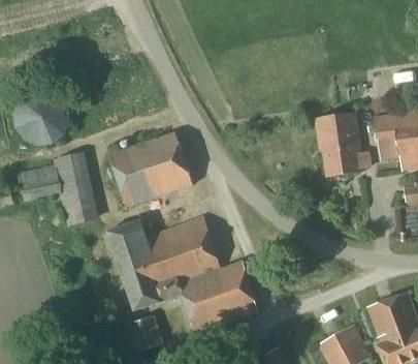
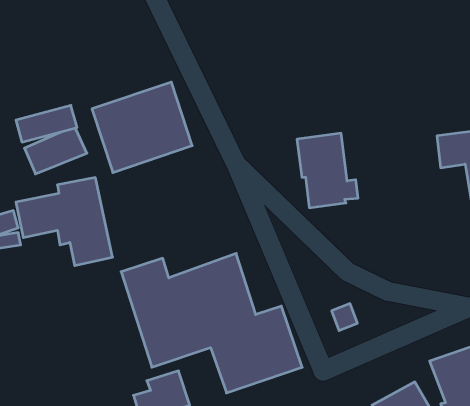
building: [317,113,368,176] -> [297,133,358,208]
building: [108,130,193,207] -> [92,82,192,173]

